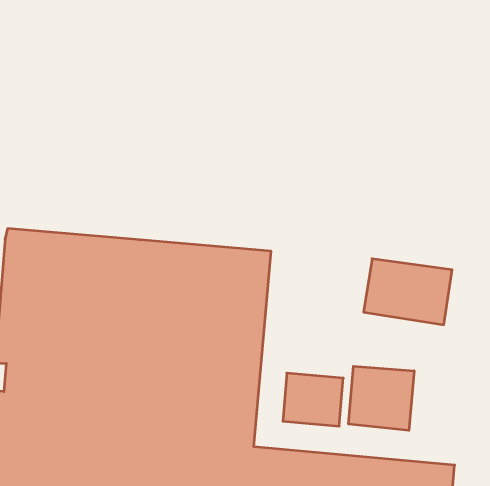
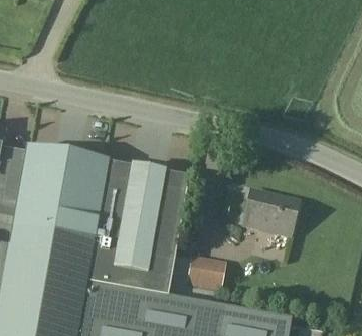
building: [349,366,414,430] -> none

